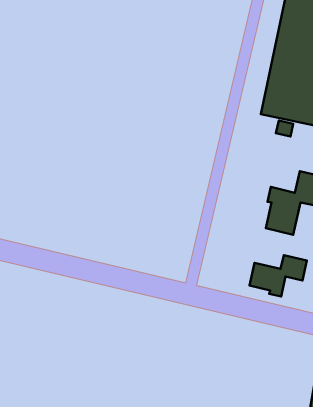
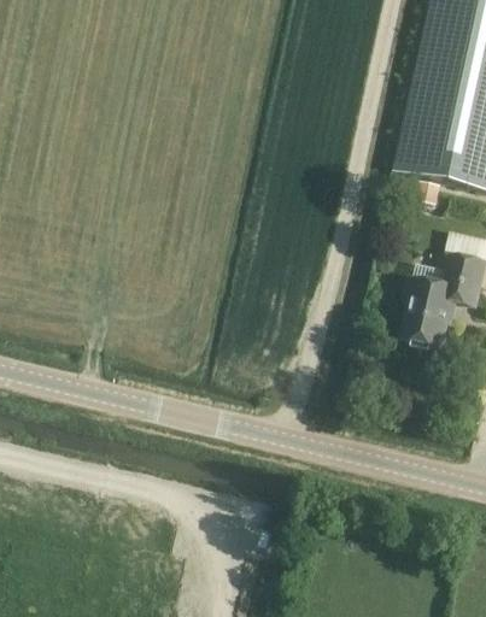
building: [250,255,307,297] -> none

